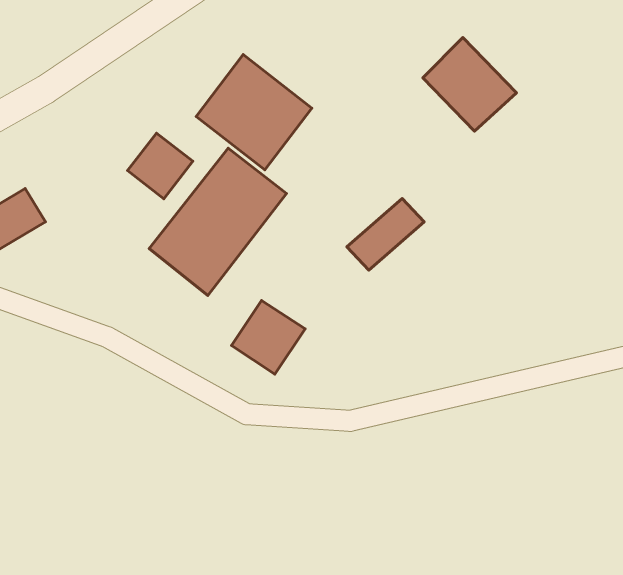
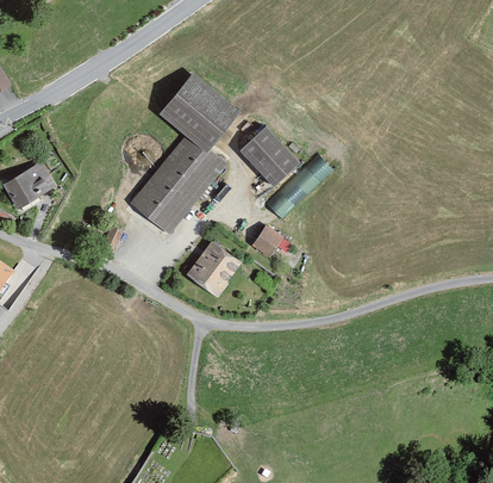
building: [423,38,517,131] -> [237,120,304,187]
building: [127,133,193,199] -> none
building: none -> [249,224,286,259]

